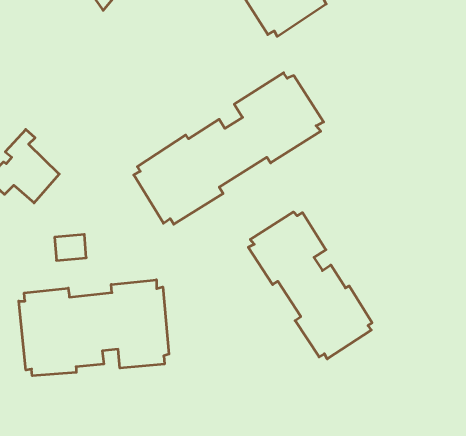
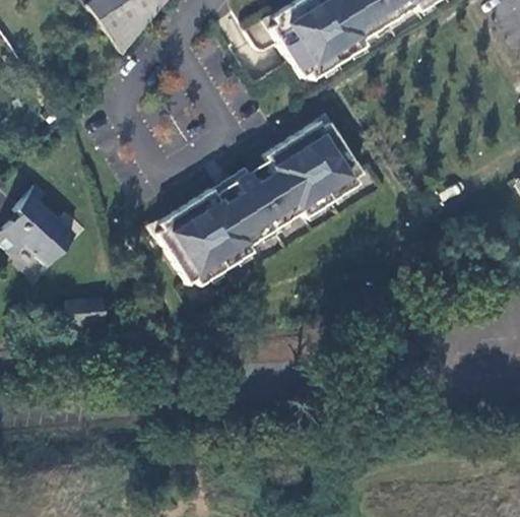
building: [248,212,372,359] -> none
building: [19,280,169,376] -> none

